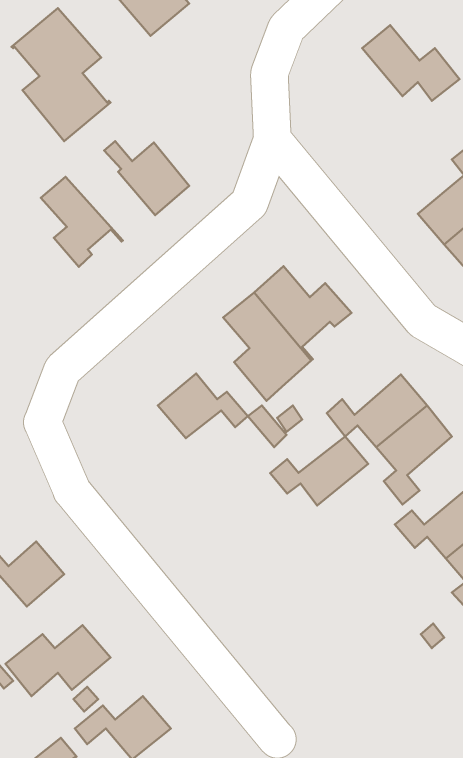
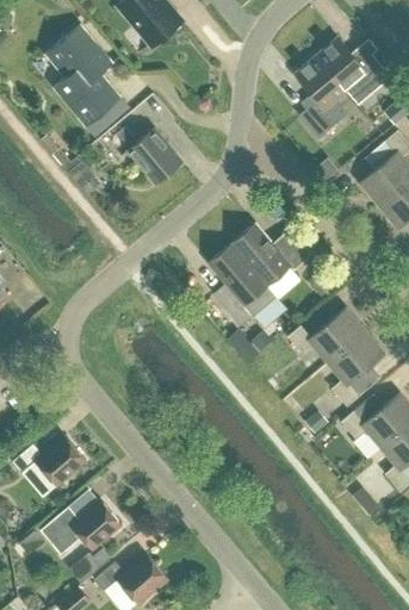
building: none -> [293,55,346,138]
building: [41,177,123,267] -> none
building: [158,373,248,438] -> none
building: [270,436,368,506] -> none

